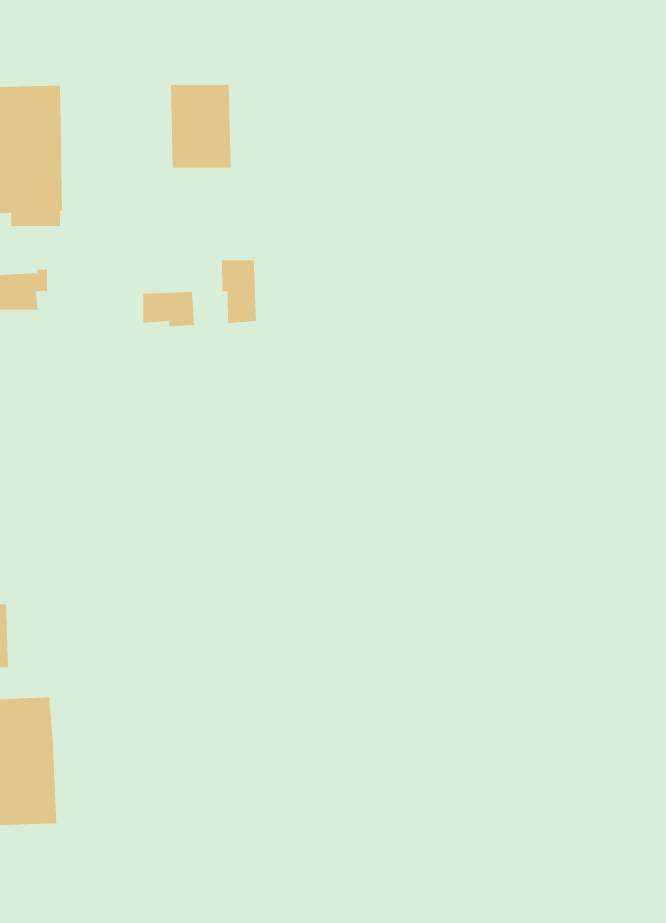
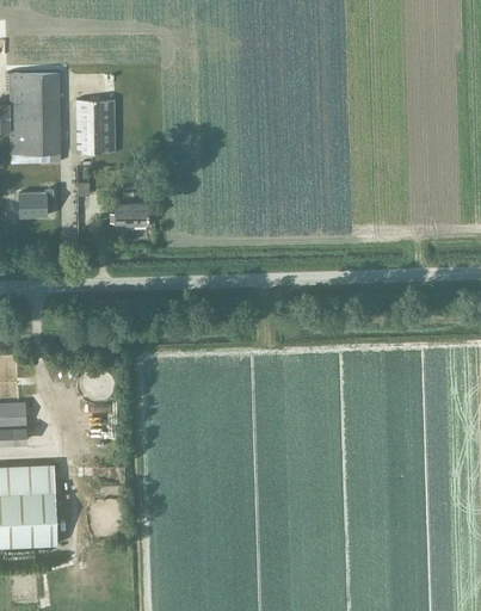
building: [170,84,231,168] -> [75,100,115,154]
building: [221,260,257,324] -> none

